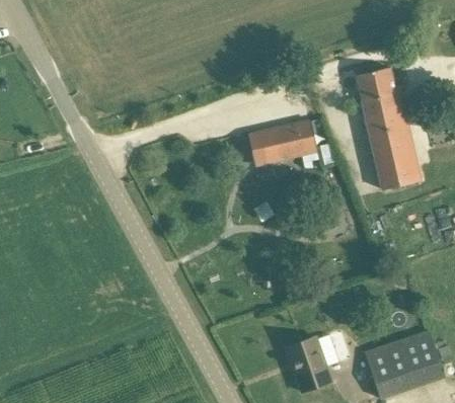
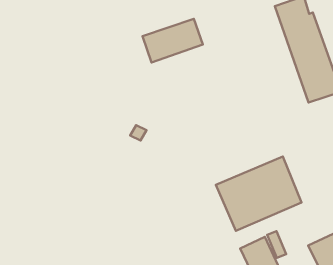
building: [252,118,320,163] -> [143,19,203,63]
building: none -> [216,157,301,231]

